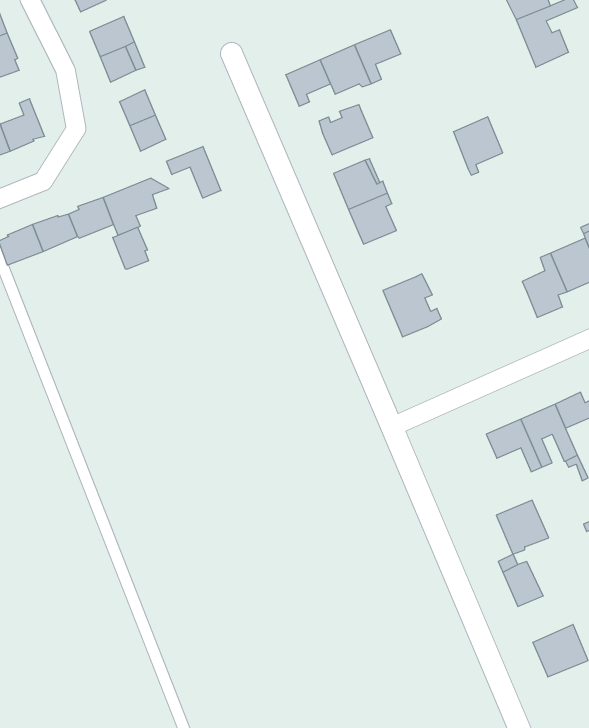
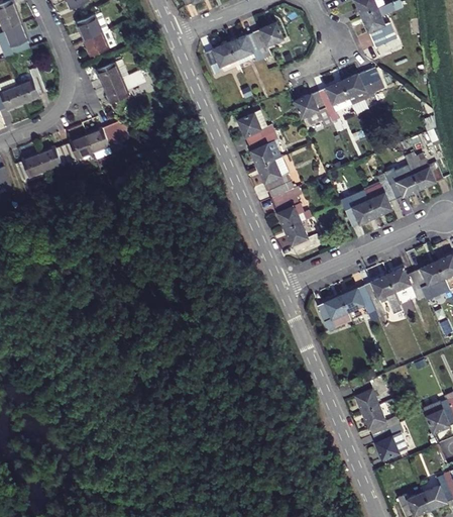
building: none -> [342,67,384,106]
building: [319,105,373,155] -> none
building: none -> [295,91,329,124]
building: [166,146,221,198] -> none
building: none -> [258,154,294,198]
building: [113,227,148,269] -> none
building: none -> [340,197,375,226]
building: none -> [285,222,320,252]
building: [496,500,549,554] -> [317,295,352,331]
building: none -> [362,404,400,435]

